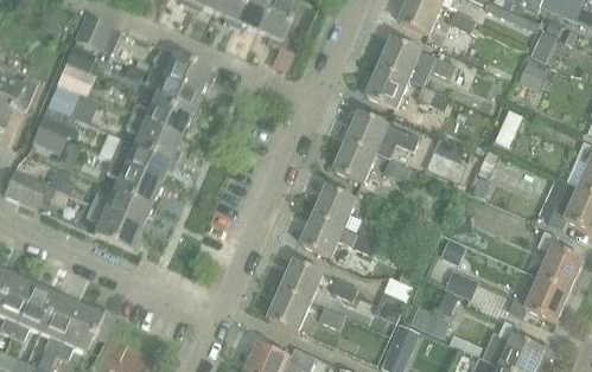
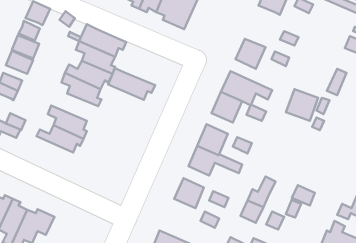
building: [378,37,420,78] -> none
building: [109,136,174,180] -> [108,68,155,100]
building: [84,201,140,250] -> none
building: [267,288,310,331] -> none

